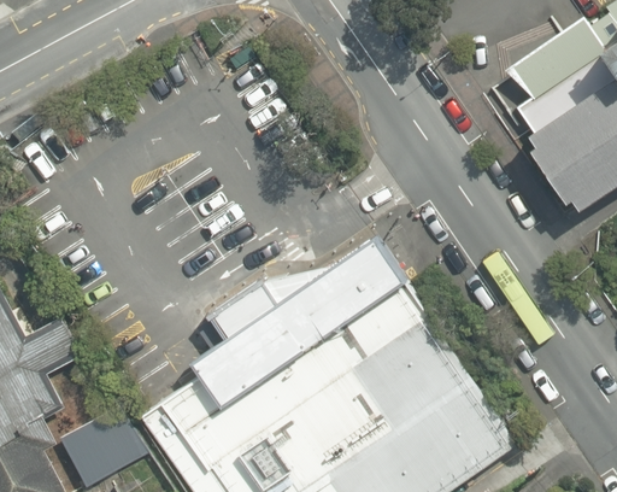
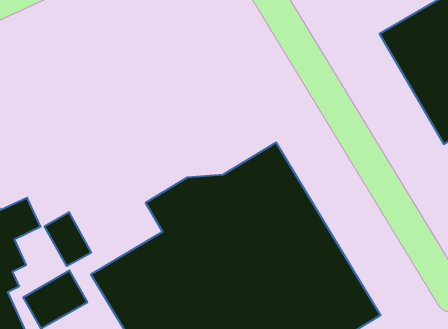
building: none -> [45,212,91,266]

